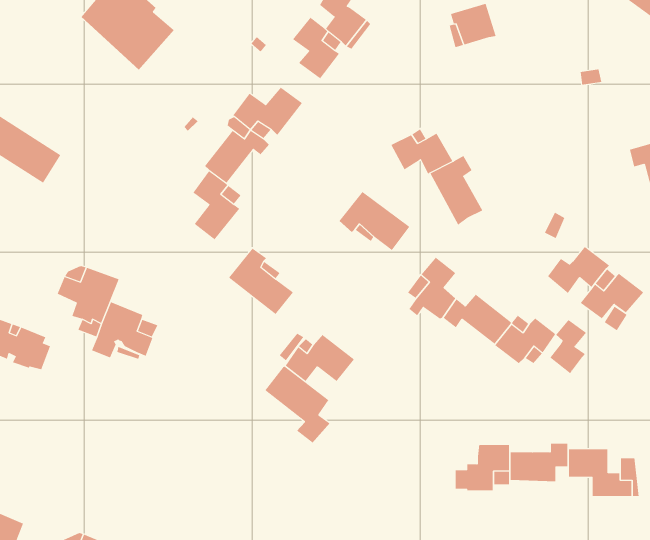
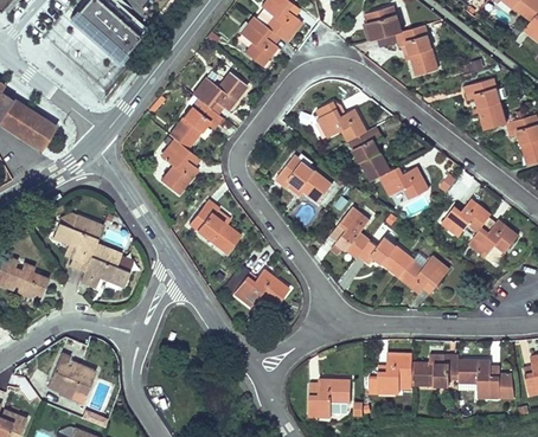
building: none -> [396,25,438,76]
building: none -> [465,78,507,129]
building: none -> [379,167,429,200]
building: [550,319,587,374] -> none
building: [264,366,330,444] -> none
building: none -> [47,353,95,399]
building: none -> [309,379,351,417]

